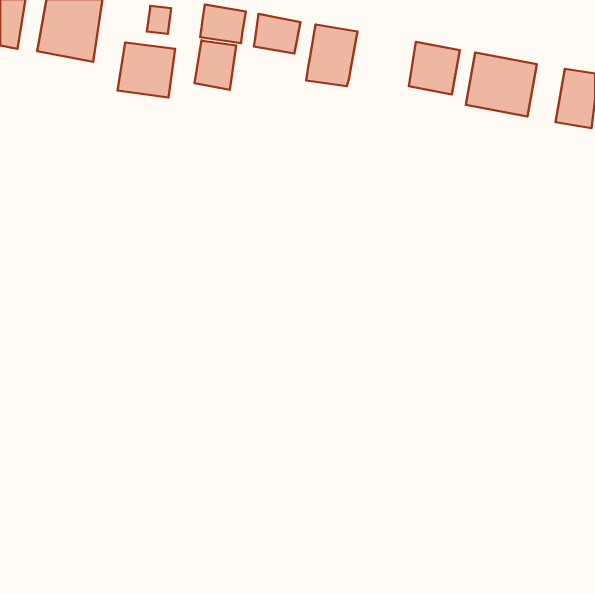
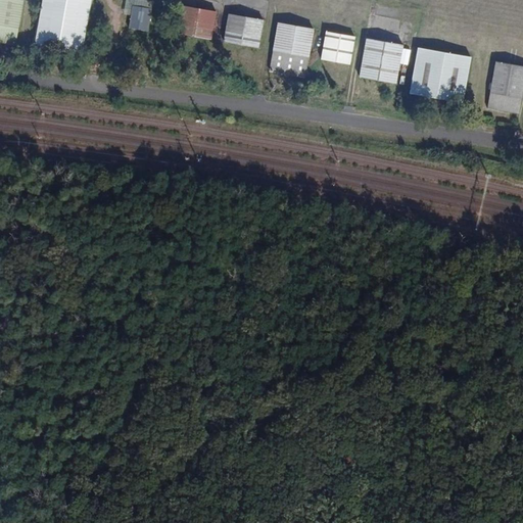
building: none -> [320,31,354,63]
building: [194,40,236,90] -> none
building: [117,42,175,97] -> none

